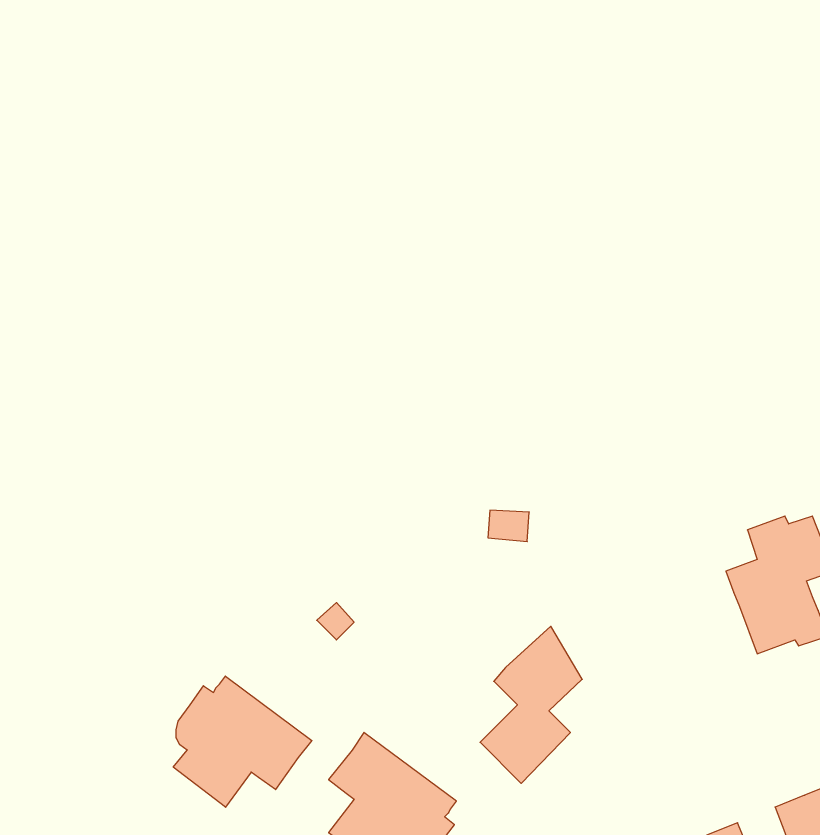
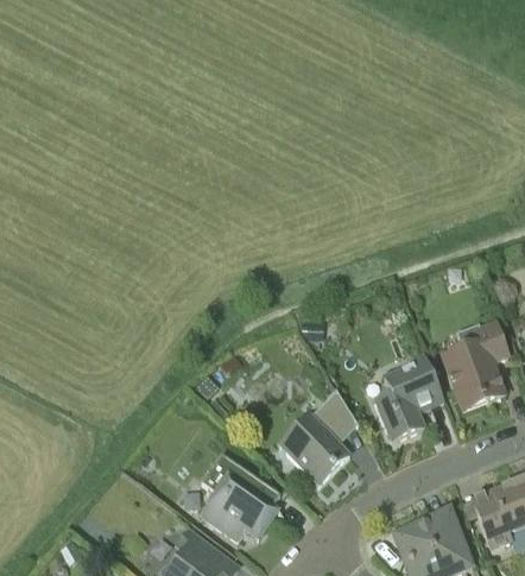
building: none -> [374,355,442,441]
building: [173,676,312,807] -> none

